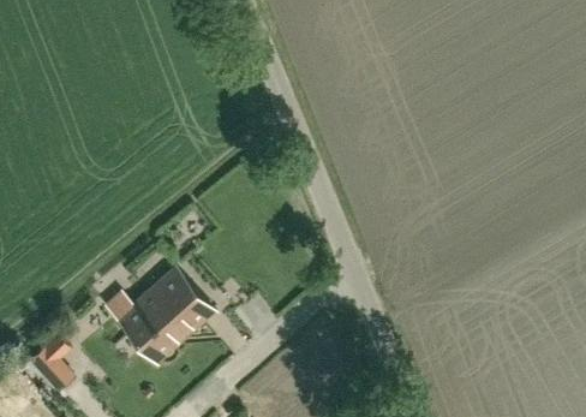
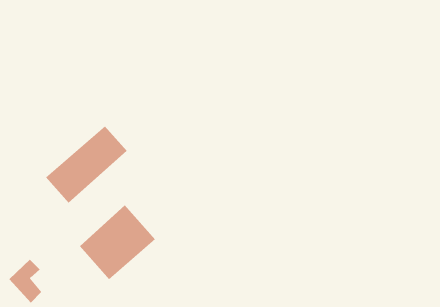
building: none -> [45,125,127,204]

